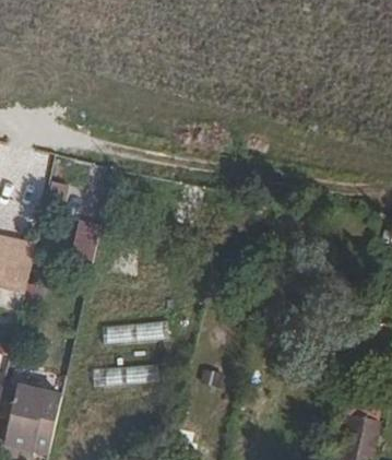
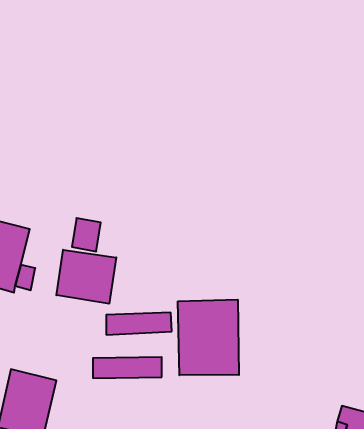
building: none -> [56,250,116,304]
building: none -> [178,300,239,375]

